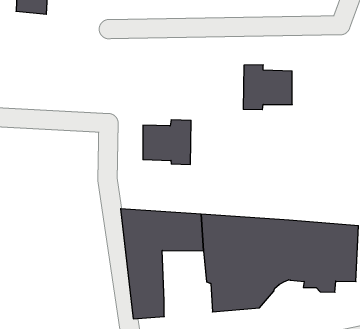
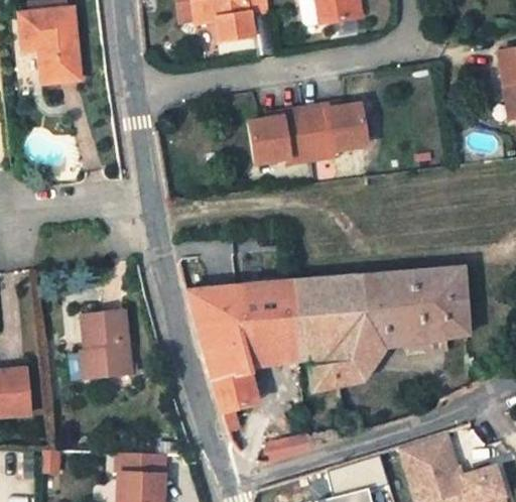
building: [143,120,191,164] -> [252,104,313,157]
building: none -> [77,313,128,379]
building: none -> [246,324,307,388]

